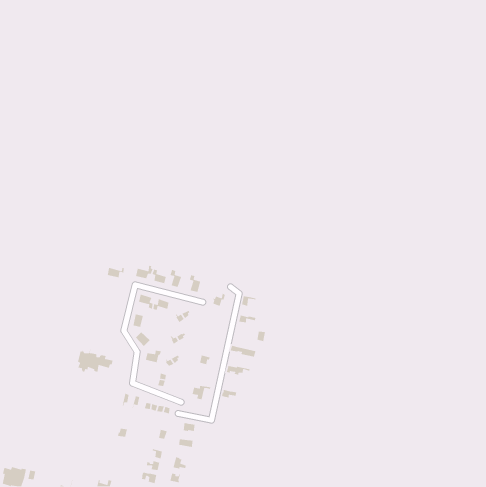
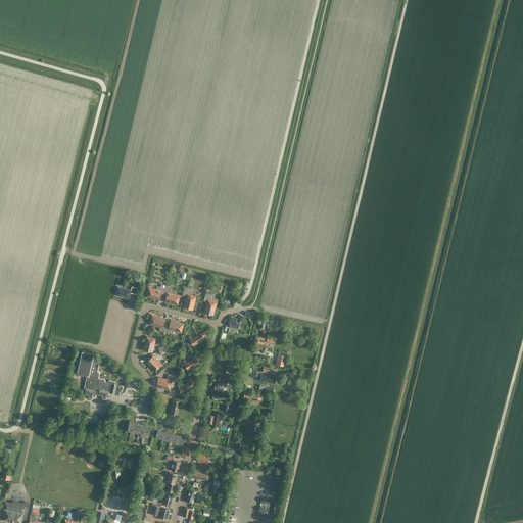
building: none -> [73,351,99,378]

